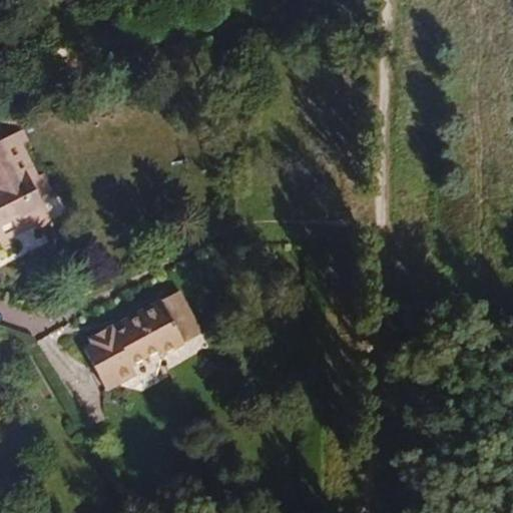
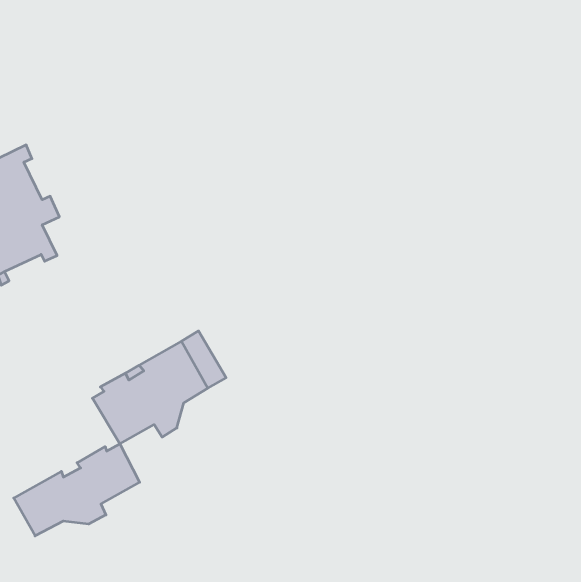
building: none -> [14,444,140,536]

